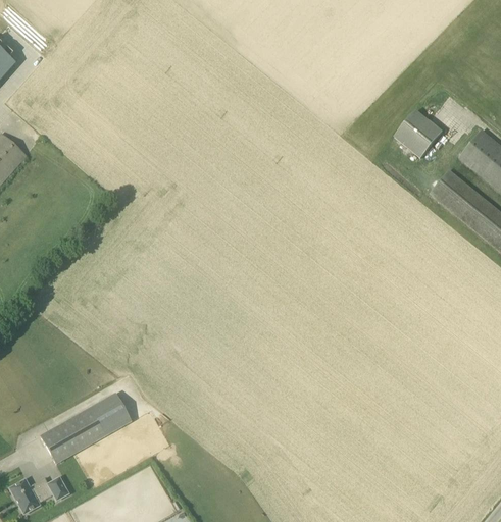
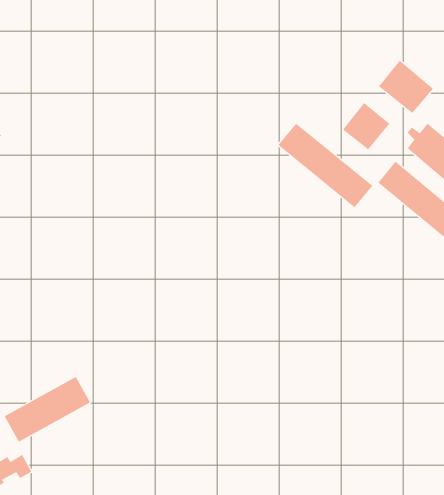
building: none -> [378,60,434,114]
building: none -> [278,123,373,208]

